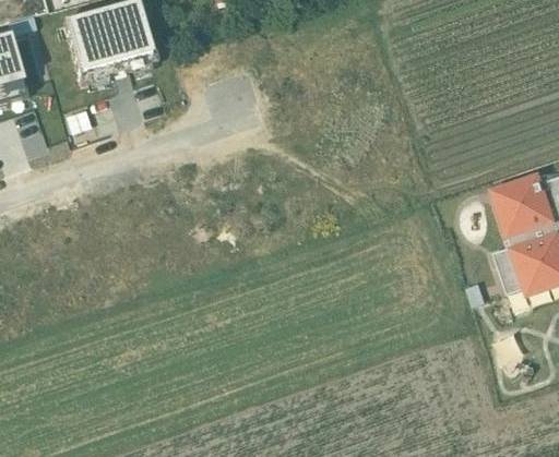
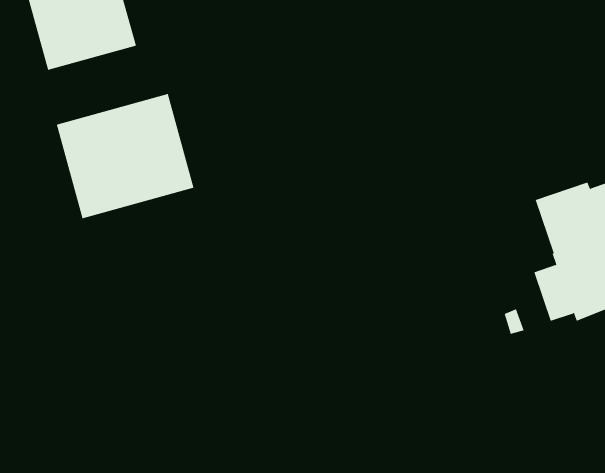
building: none -> [56,93,194,219]

